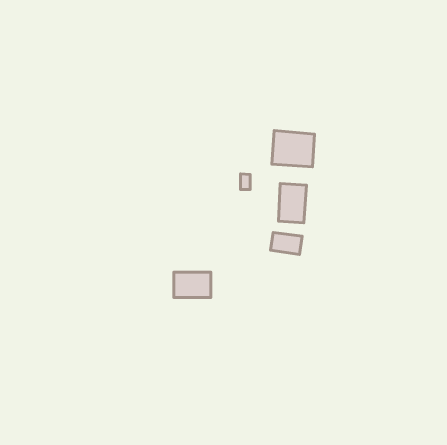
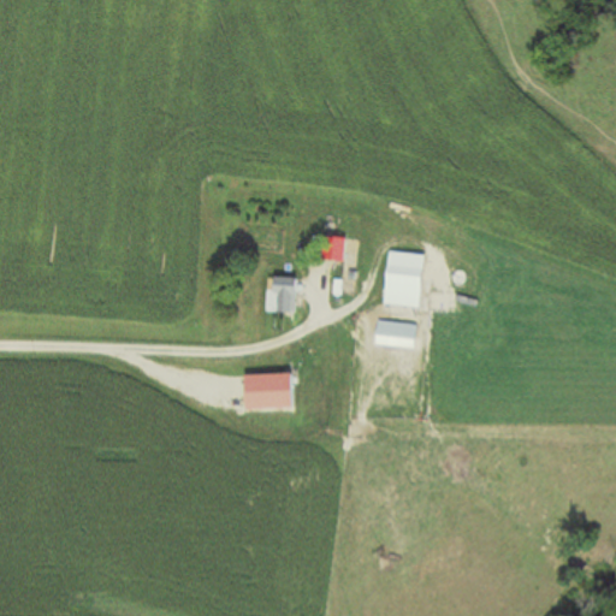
building: [272,130,315,167] -> none
building: none -> [266,276,298,314]

